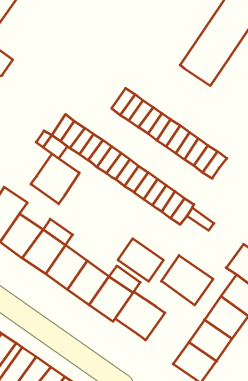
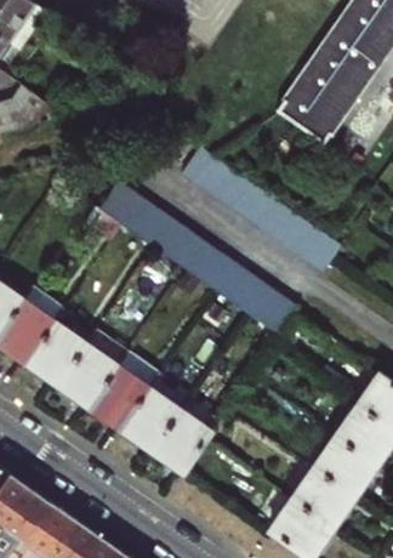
building: [31,154,79,204] -> none
building: [118,239,163,281] -> none
building: [161,255,213,305] -> none
building: [115,292,165,340] -> none

